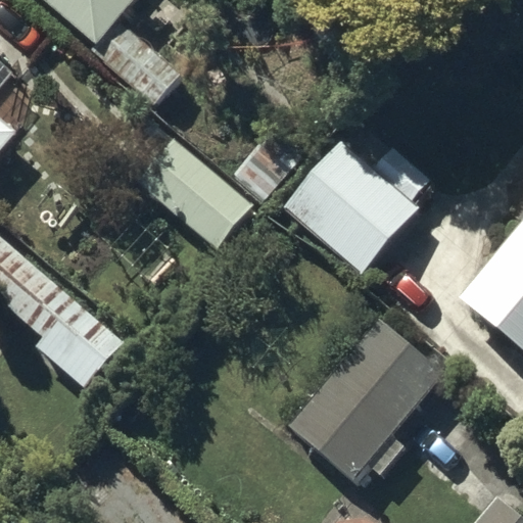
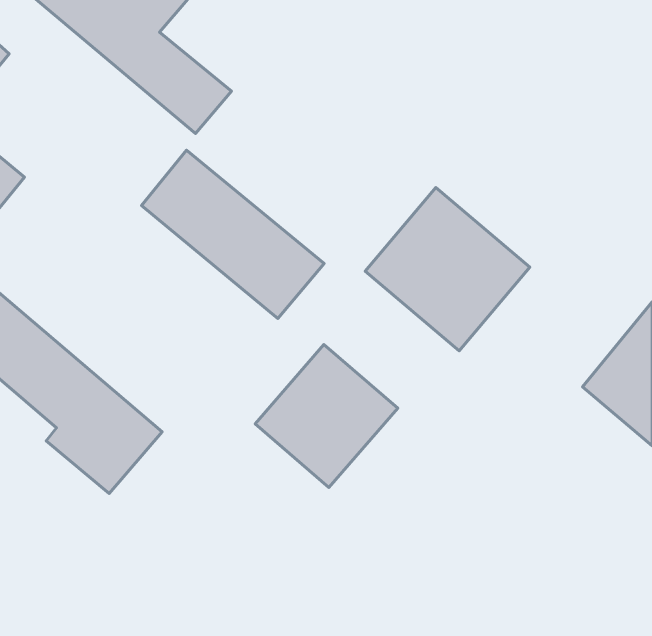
building: none -> [255,345,398,488]
building: [292,330,440,483] -> none

